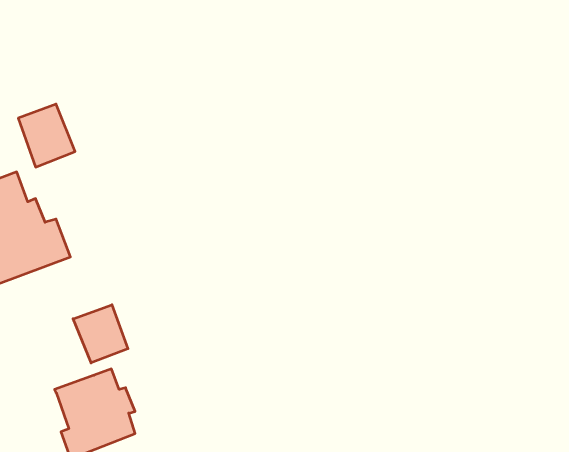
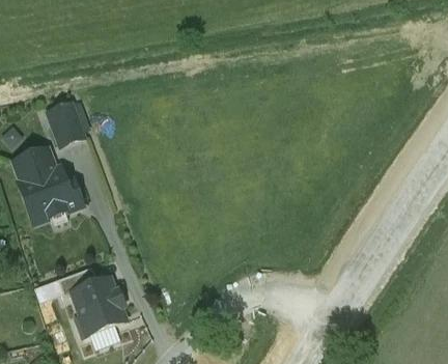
building: [73,305,128,363] -> none

